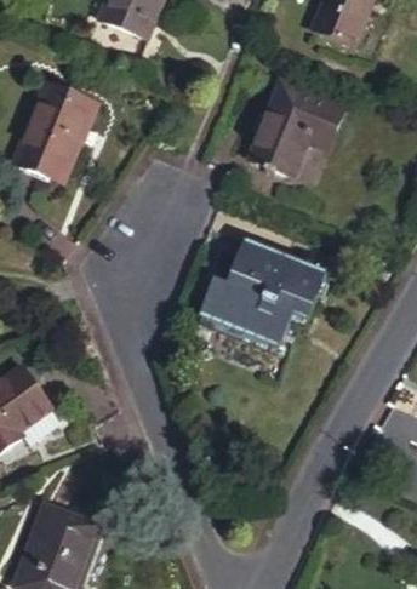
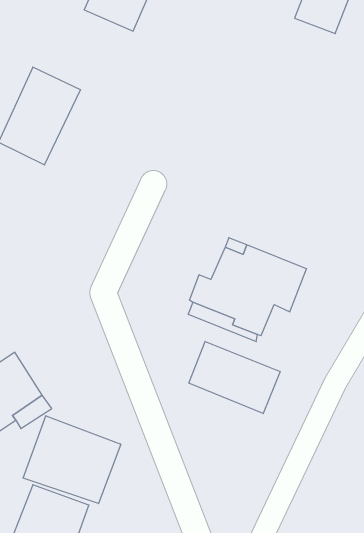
building: [251,80,347,177] -> none
building: none -> [189,341,280,414]
building: none -> [23,416,121,504]

